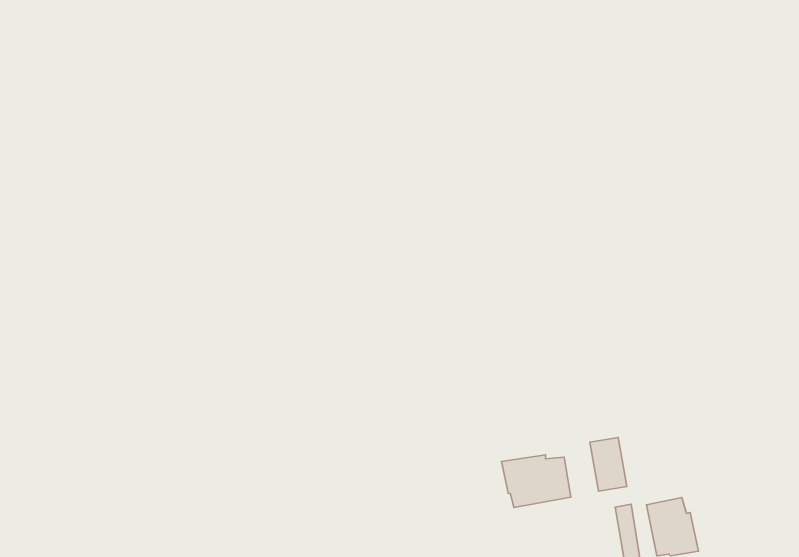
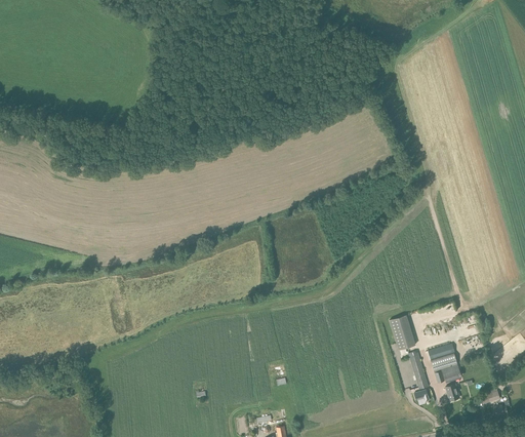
building: [502,455,571,507] -> none

